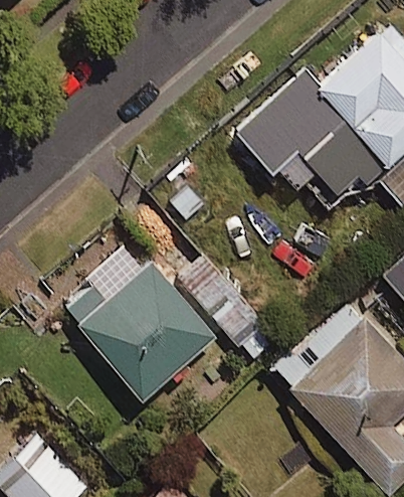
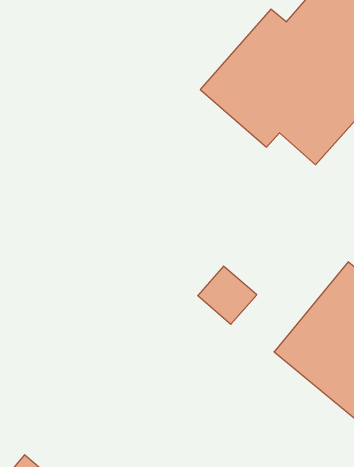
building: [78,264,213,398] -> none

